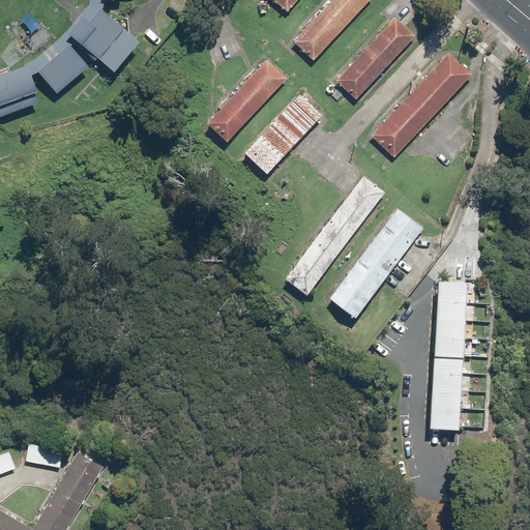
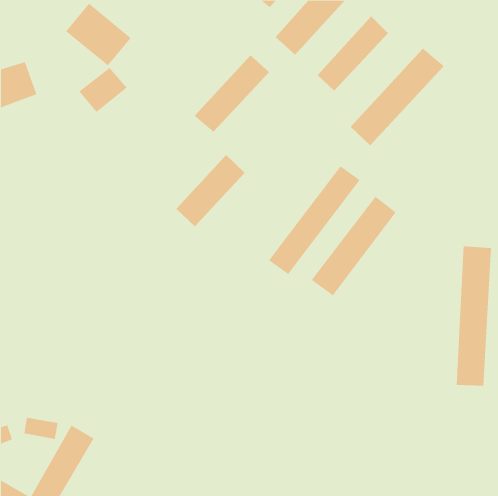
building: [37,46,89,94] -> [79,67,127,113]
building: [245,95,320,173] -> [175,154,246,227]
building: [431,279,469,429] -> [456,246,492,386]

